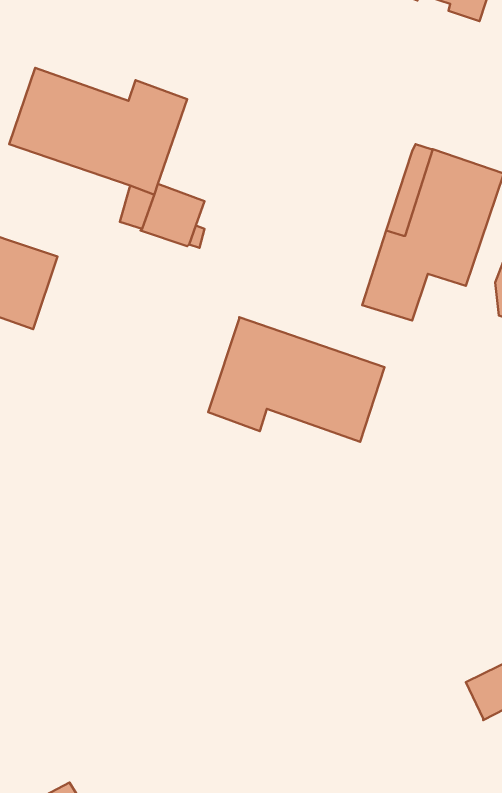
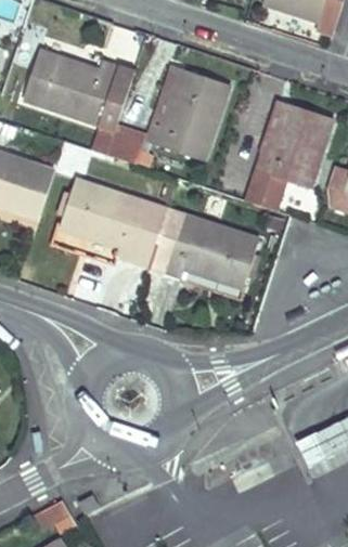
building: none -> [145,65,229,160]
building: none -> [60,177,167,263]

